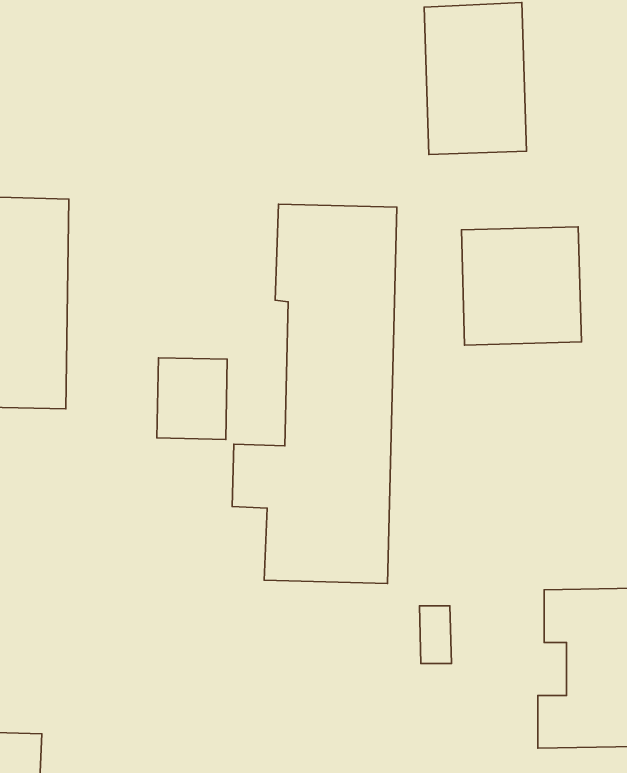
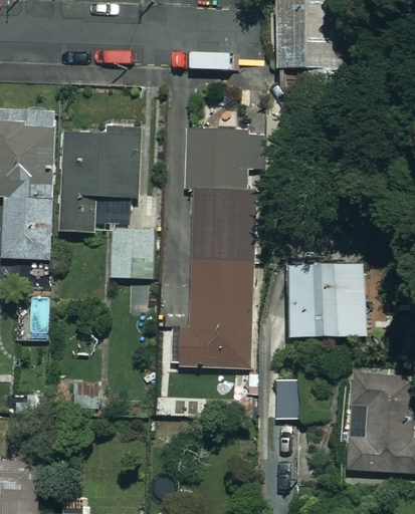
building: none -> [59,133,138,230]
building: [461,227,581,345] -> [290,263,366,337]

